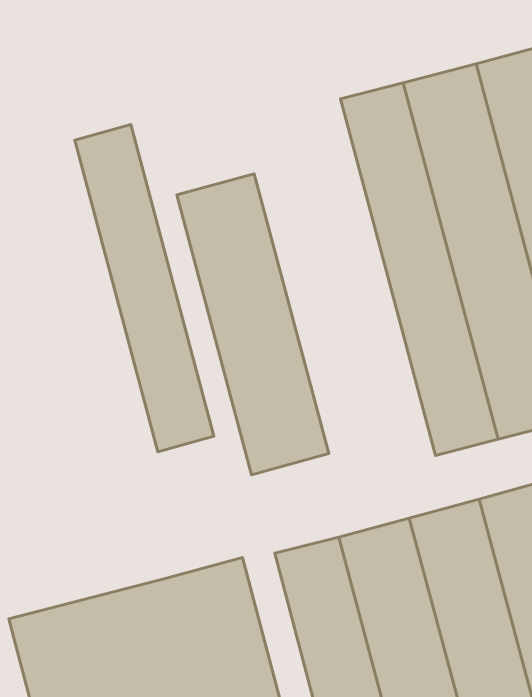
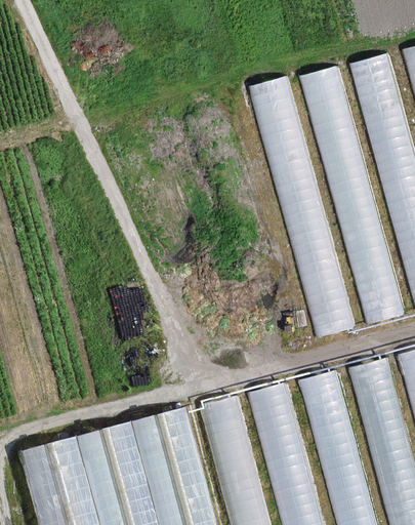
building: [75,125,214,452] -> none
building: [177,174,329,475] -> none

